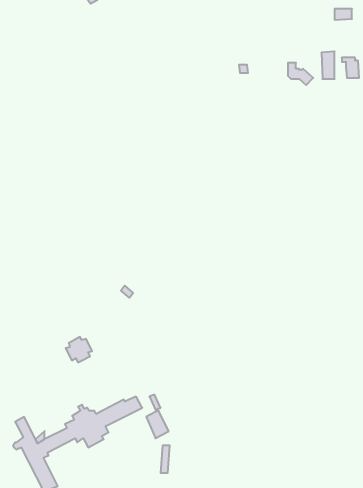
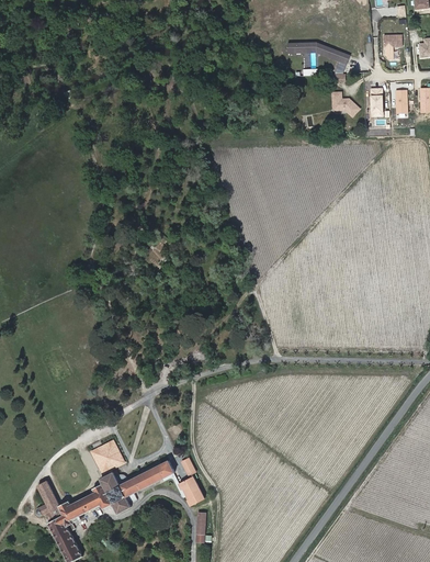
building: none -> [285,42,349,64]
building: [66,337,92,362] -> [93,441,122,469]

